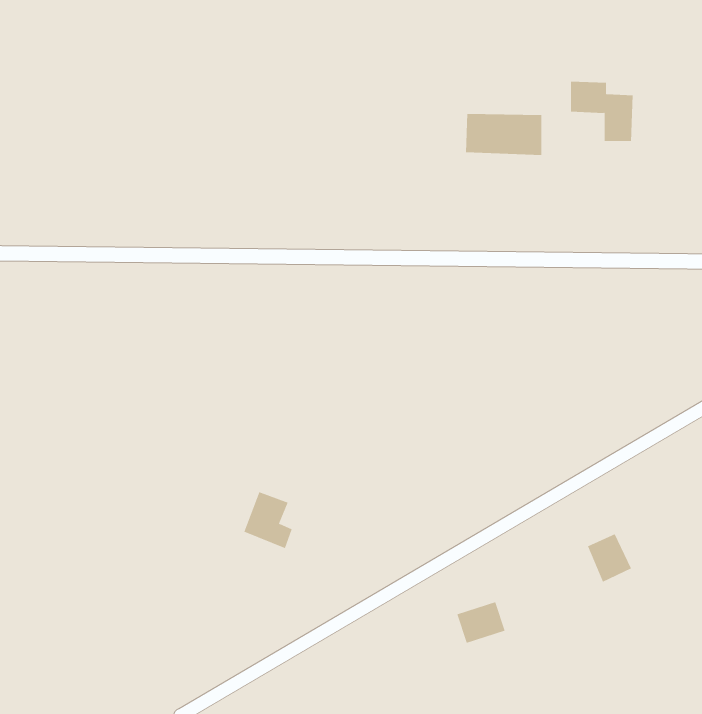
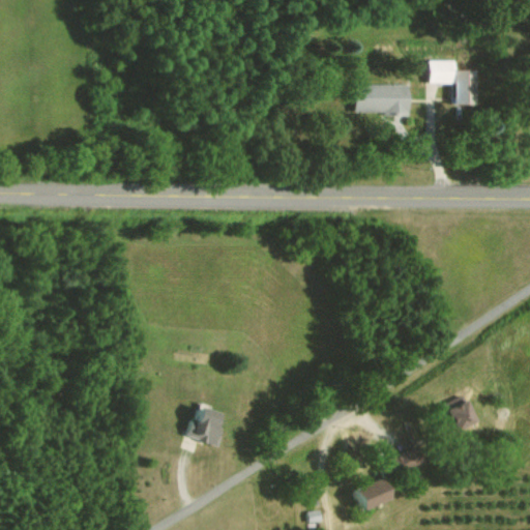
building: [244,491,293,549] -> [184,406,220,448]
building: [456,601,506,643] -> [359,479,395,510]

